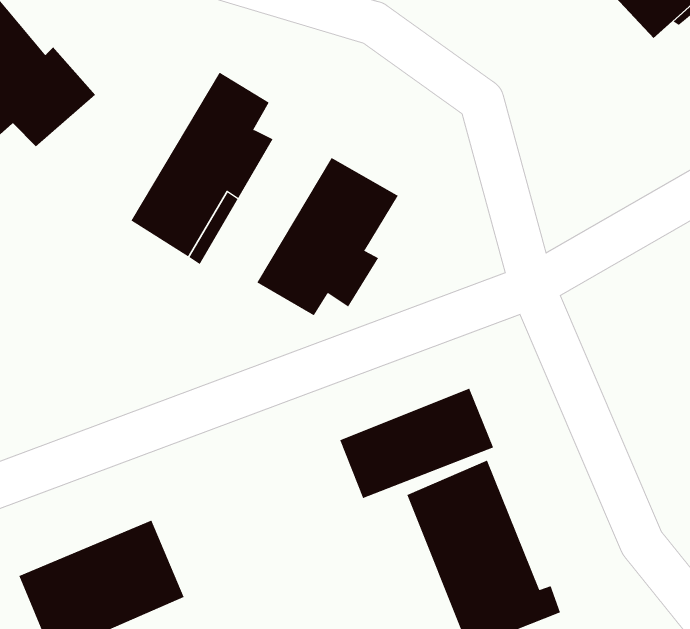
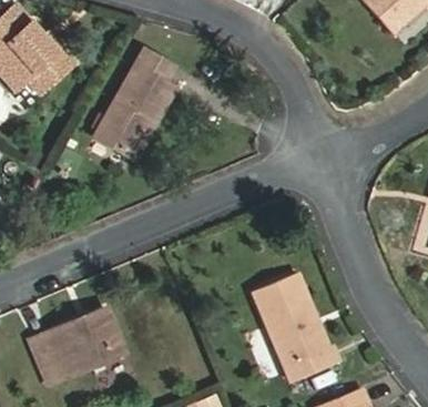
building: [257,157,398,316] -> none
building: [340,388,494,499] -> none

